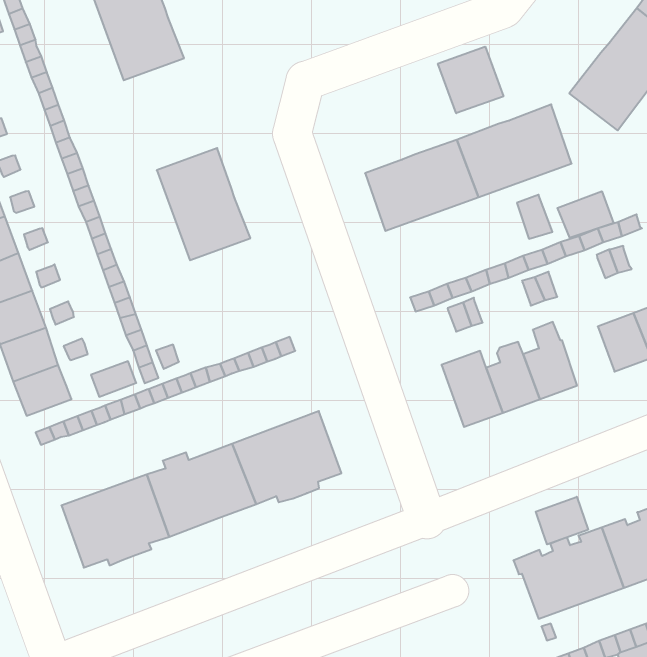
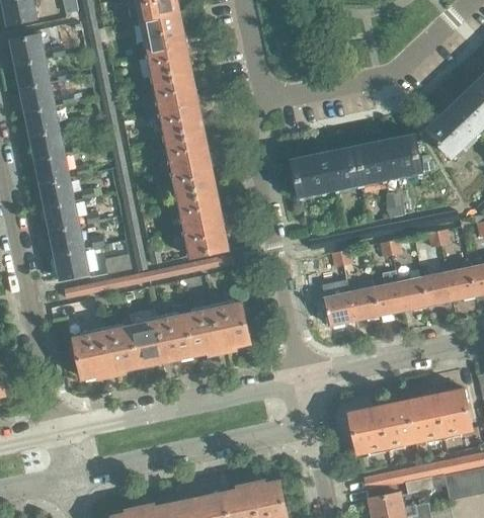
building: [438,47,503,113] -> none
building: none -> [151,73,203,140]
building: [557,191,614,238] -> none
building: none -> [175,190,227,258]
building: none -> [398,277,427,312]
building: [536,497,588,544] -> none

